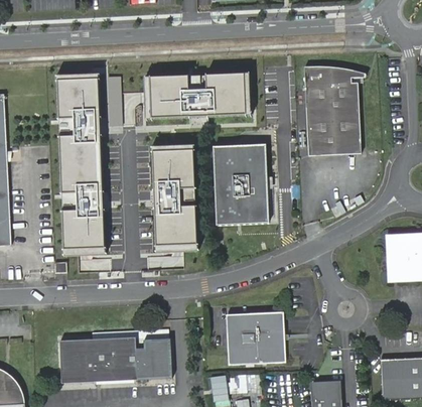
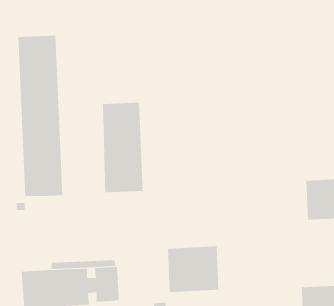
building: [306,65,367,152] -> none
building: [143,69,252,121] -> none
building: [215,145,270,227] -> none

